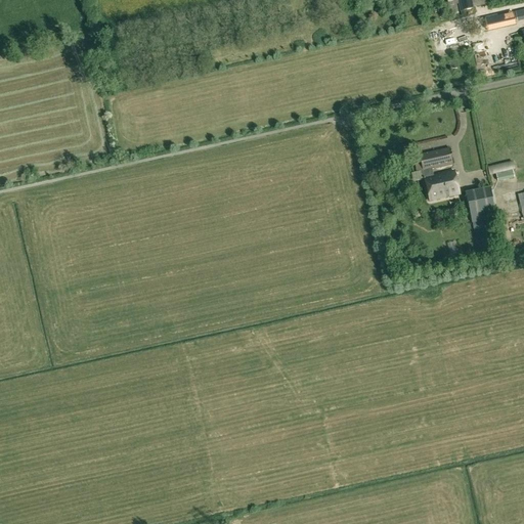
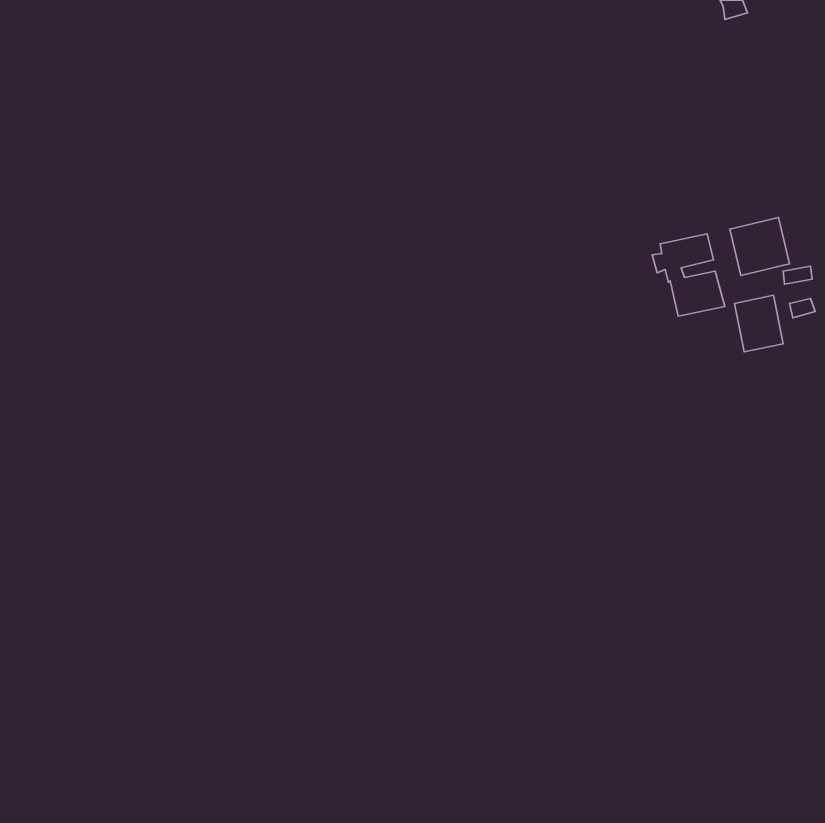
building: none -> [730,217,790,276]

